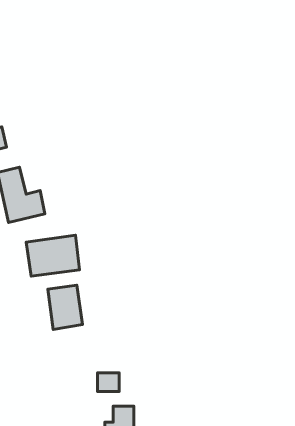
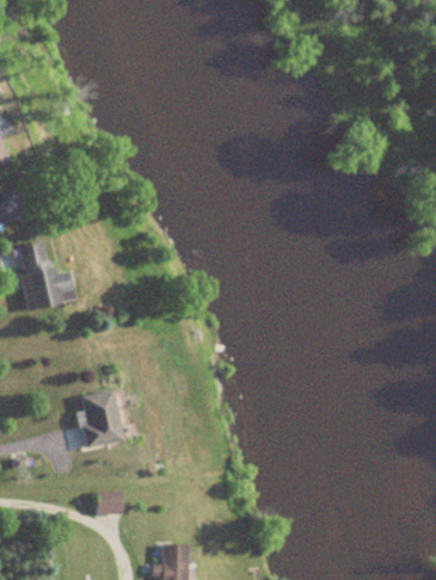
building: [26,235,80,276] -> none
building: [97,373,119,392] -> [97,490,124,514]

